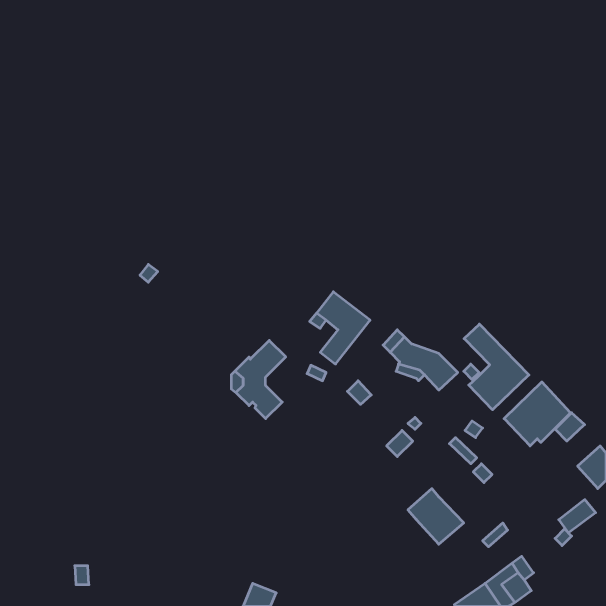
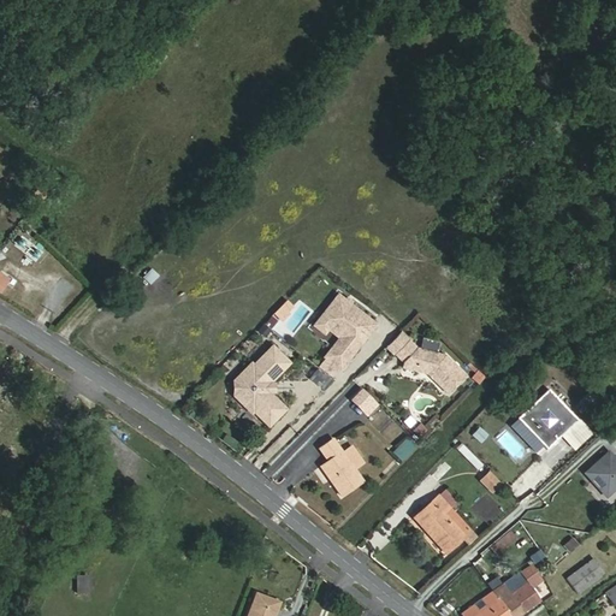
building: [464,324,529,410] -> none
building: none -> [322,439,371,496]
building: [559,500,596,533] -> [567,558,604,592]

